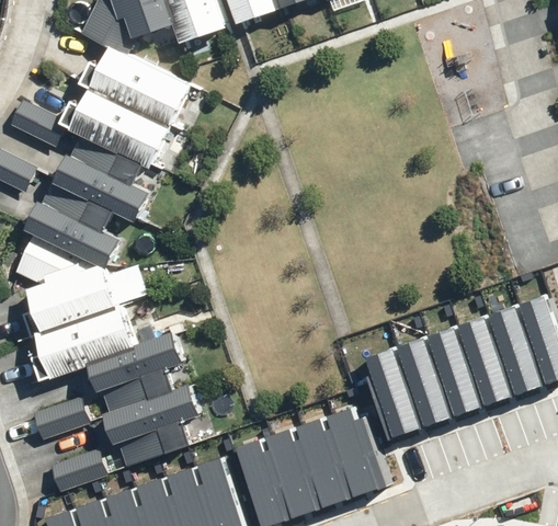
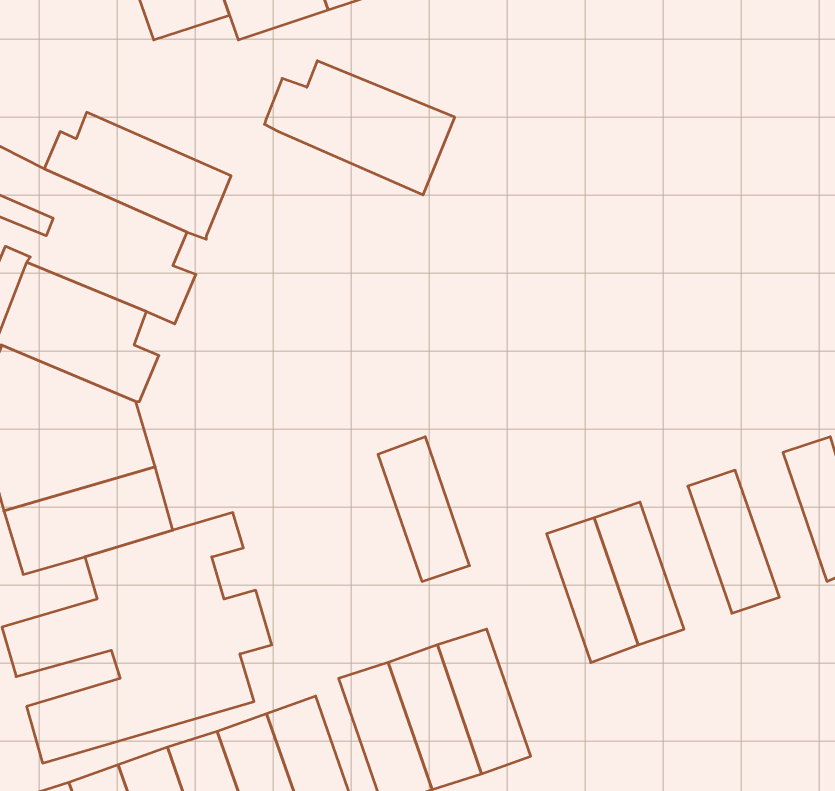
building: [73,48,192,132] -> [264,61,455,195]
building: [486,304,543,393] -> none
building: [426,324,483,413] -> none
building: [331,402,388,492] -> [378,437,470,581]

